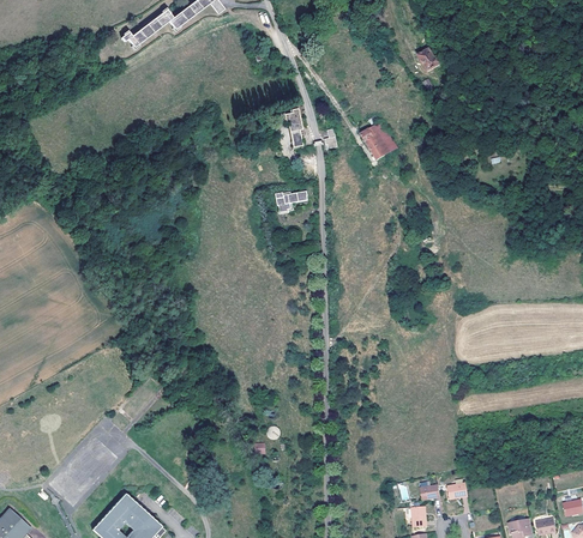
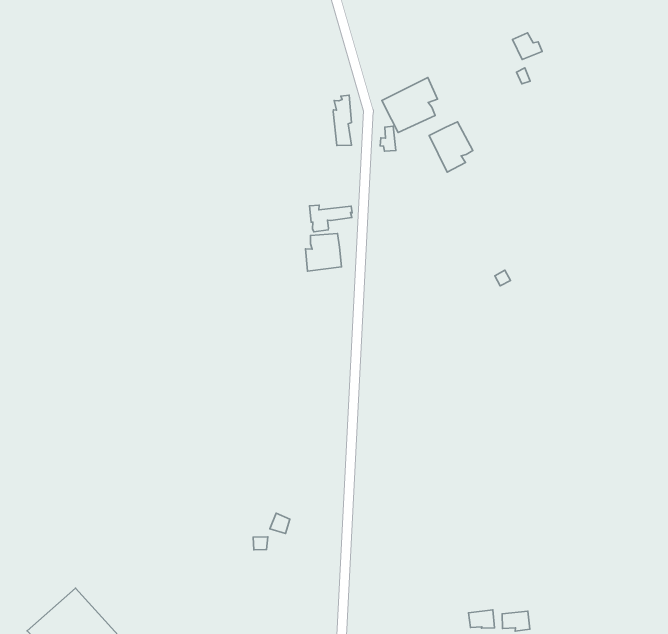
building: none -> [382,78,438,132]
building: none -> [305,233,342,271]

